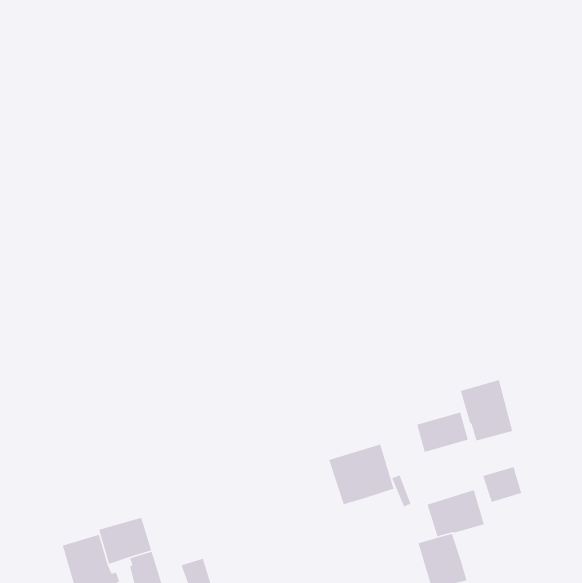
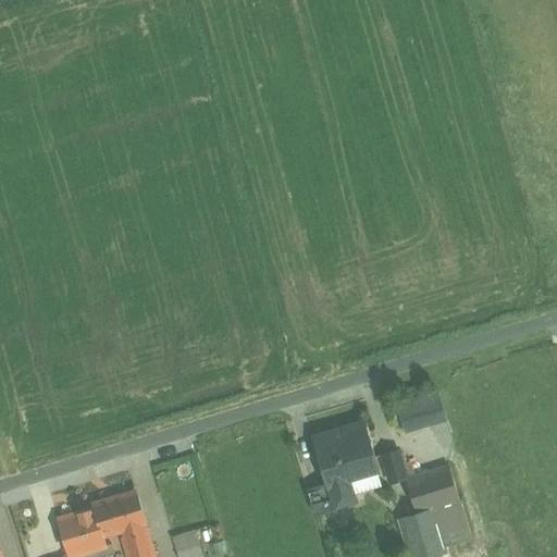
building: [460,379,513,441] -> none
building: [482,466,522,503] -> [431,500,469,535]
building: none -> [306,475,356,515]

